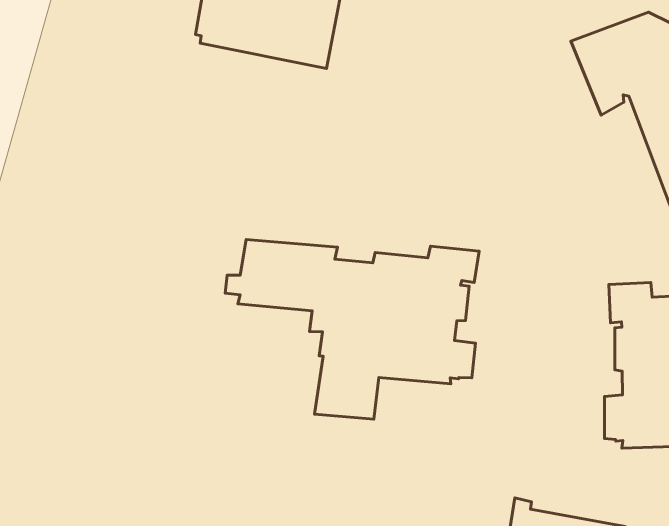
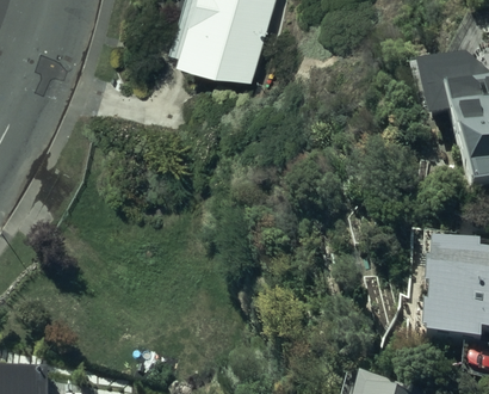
building: [225,240,479,419] -> none

